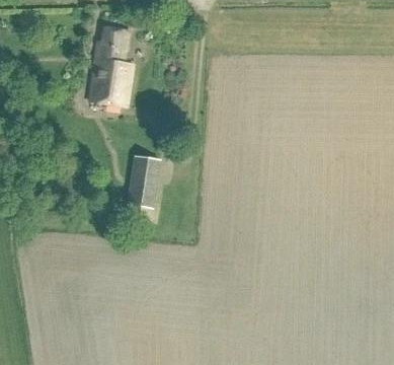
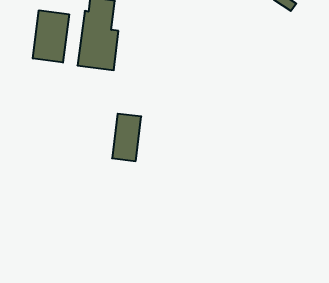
building: none -> [33,10,69,63]

